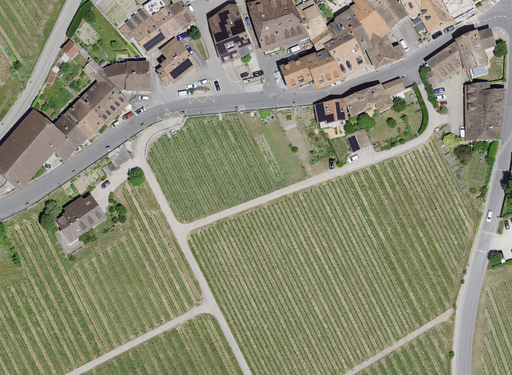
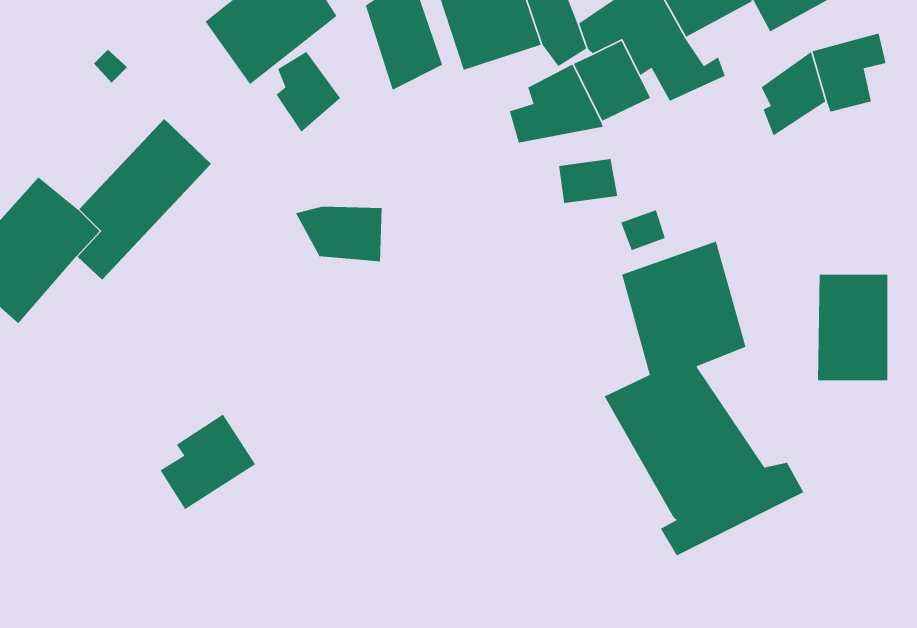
building: [102,61,150,92] -> [295,206,383,262]
building: [343,77,407,117] -> none
building: [464,83,503,142] -> [817,274,888,381]
building: none -> [603,241,805,556]
building: [53,190,106,243] -> [159,414,256,510]

